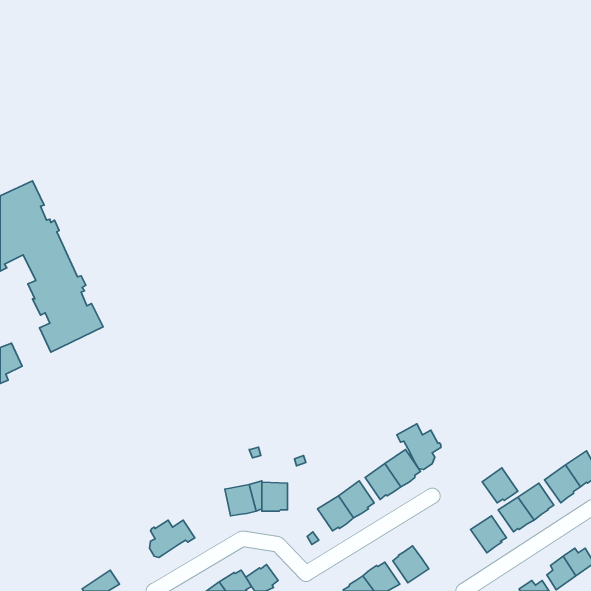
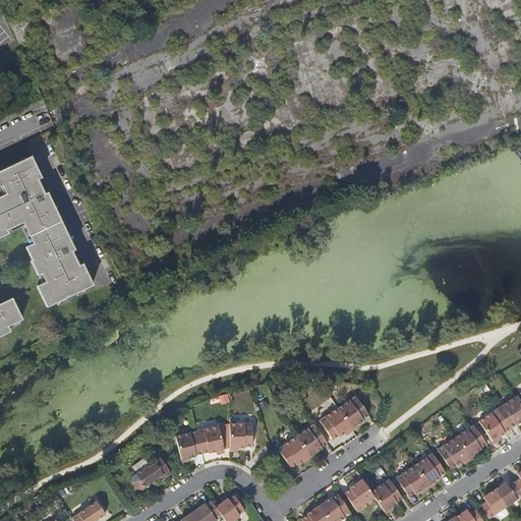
building: [397,424,441,470] -> none
building: [482,468,518,503] -> [397,465,428,496]
building: none -> [177,429,204,459]
building: none -> [371,478,403,511]

